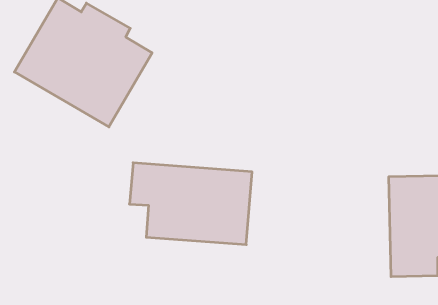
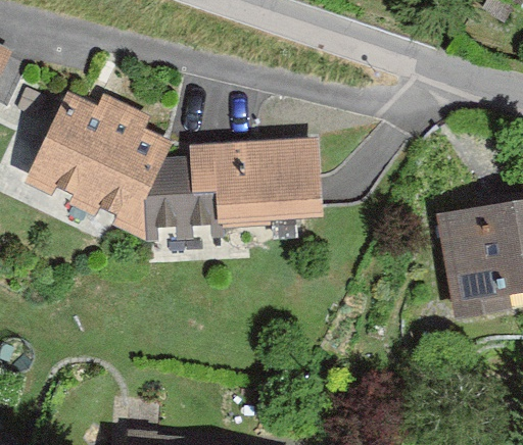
building: [129,163,252,245] -> [191,134,326,221]

